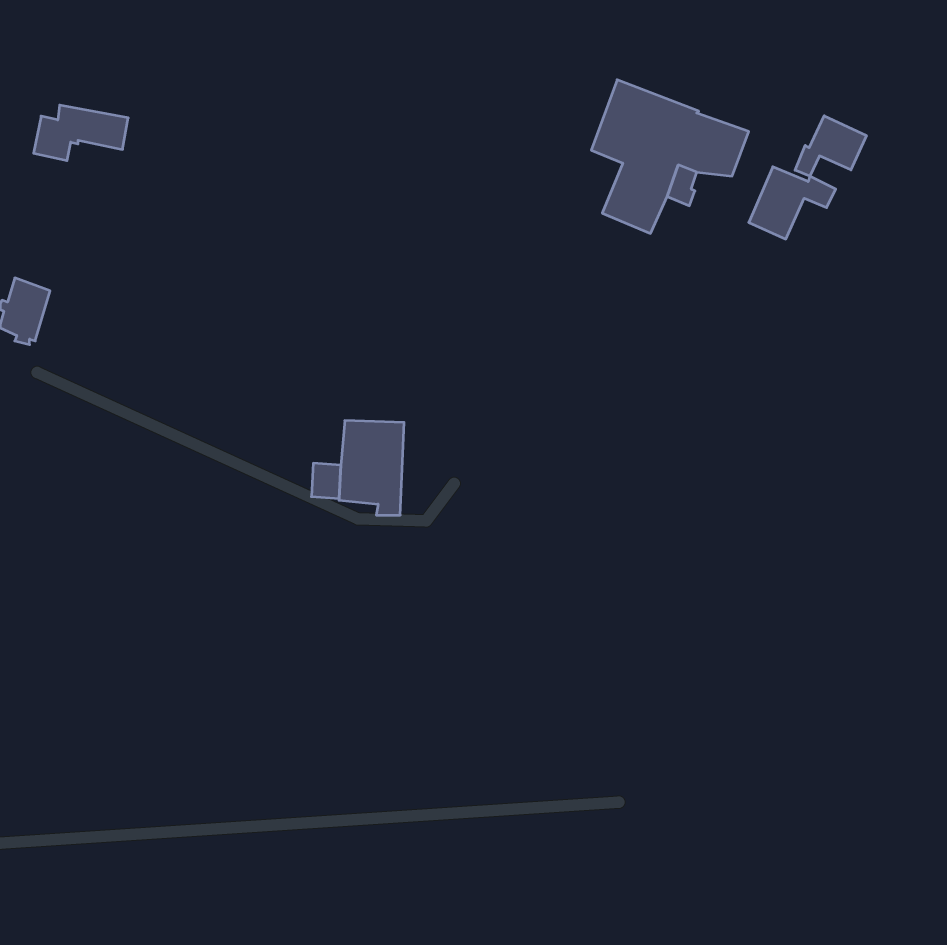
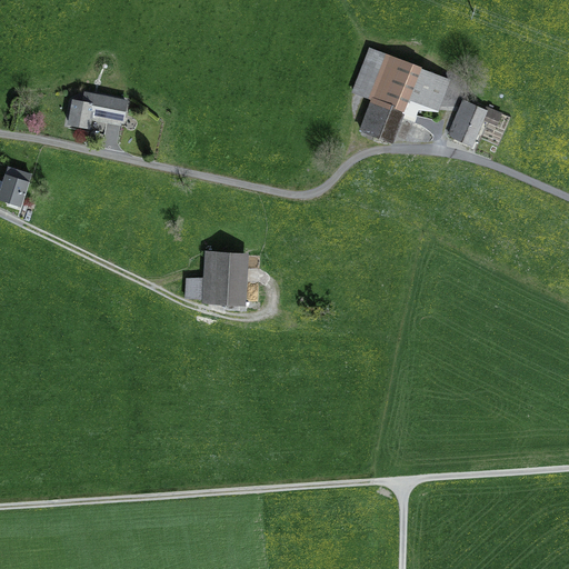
building: [34,105,128,161] -> [69,93,126,127]
building: [795,116,866,176] -> none

